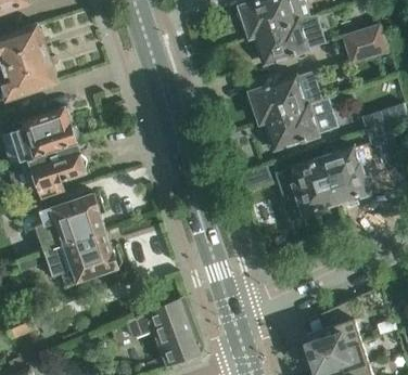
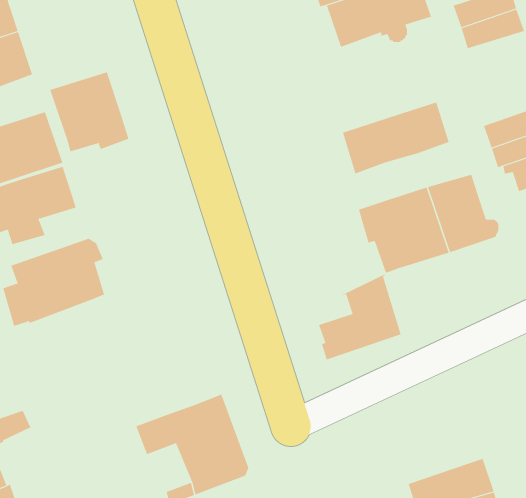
building: [245,73,329,121] -> none
building: none -> [49,72,129,152]
building: [42,231,122,286] -> none
building: [304,300,360,359] -> [318,274,401,360]

